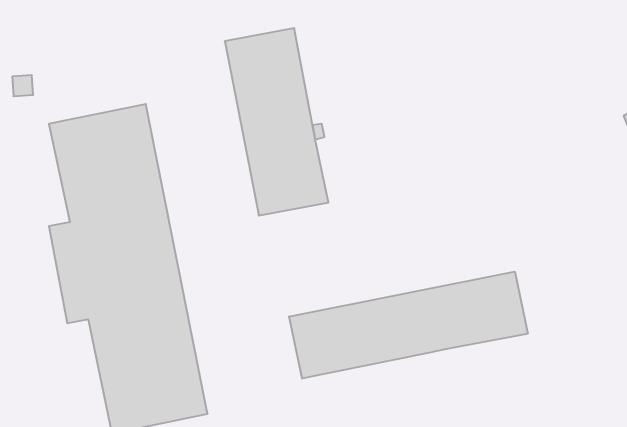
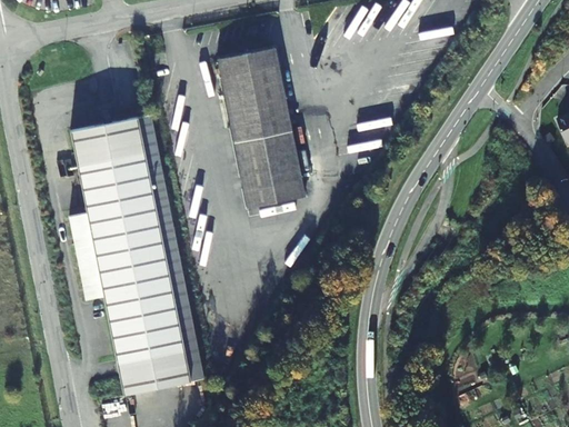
building: [289,272,528,379] -> none

